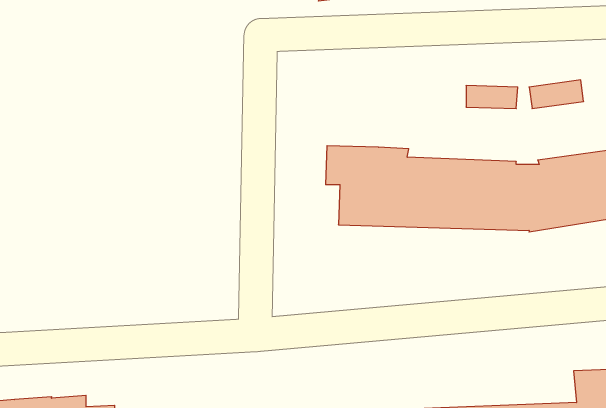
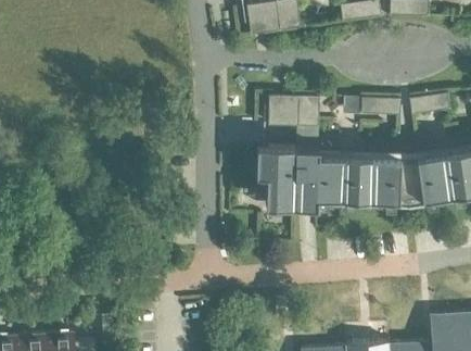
building: none -> [268,93,319,125]

